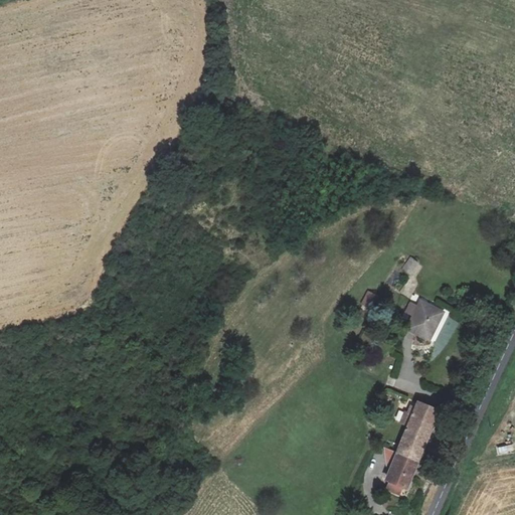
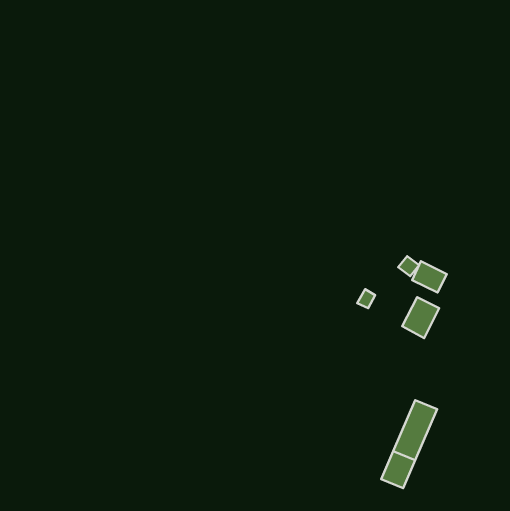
building: none -> [412,261,447,293]

